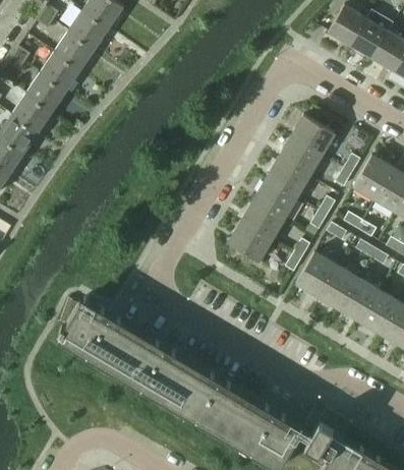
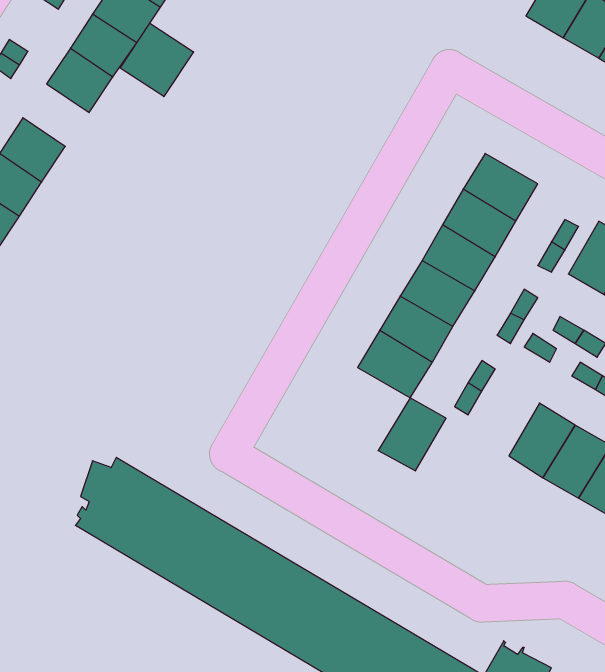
building: none -> [120,23,194,97]
building: [26,73,66,111] -> none
building: [295,252,336,296] -> [378,398,446,471]

